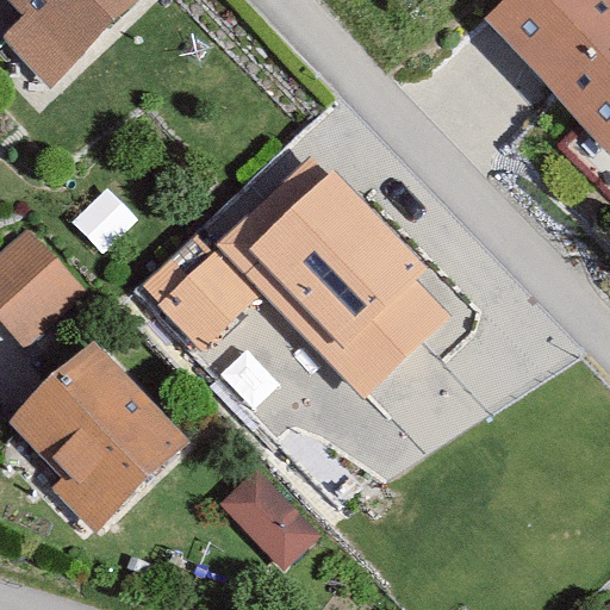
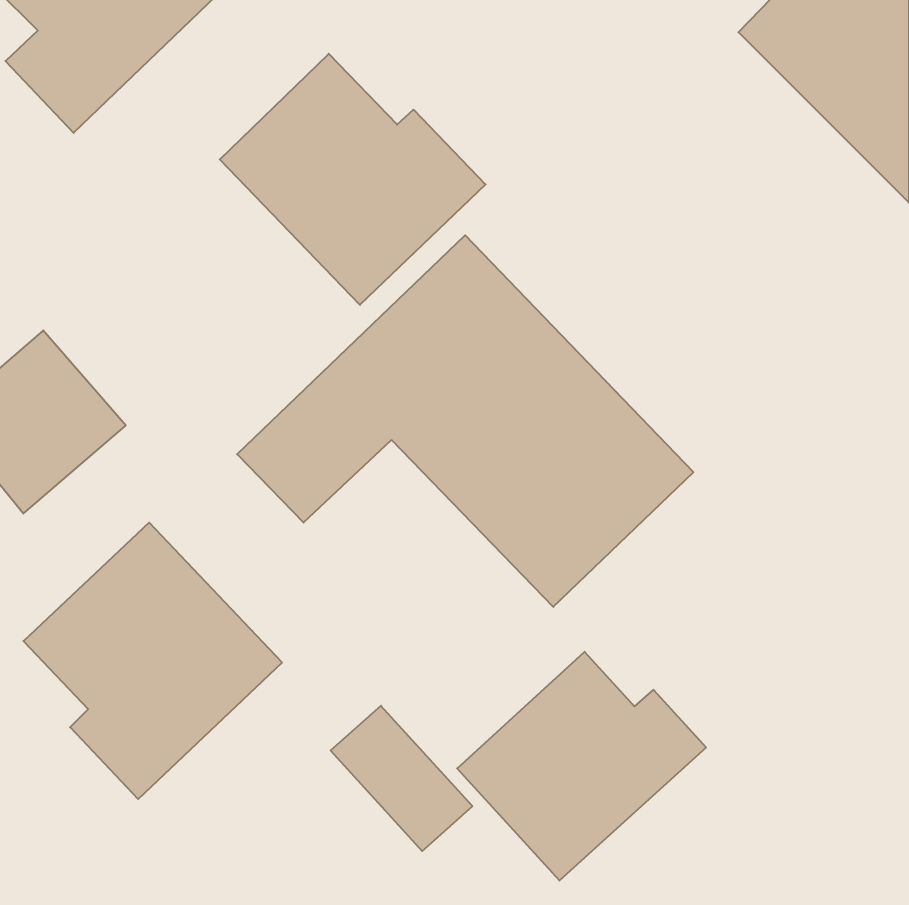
building: none -> [220,54,486,305]
building: none -> [457,652,706,881]

